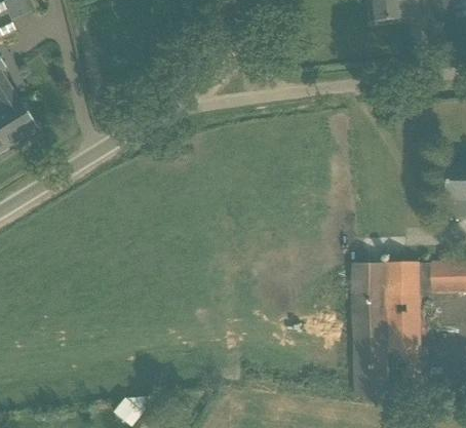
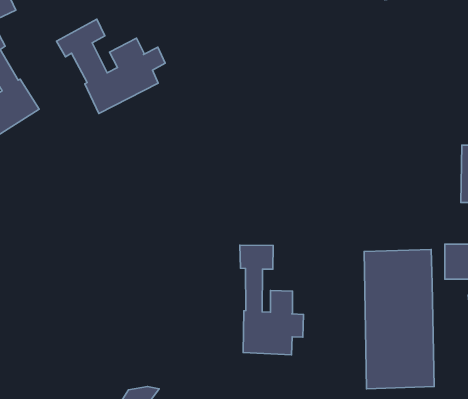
building: none -> [57,19,165,113]
building: none -> [240,245,303,355]

